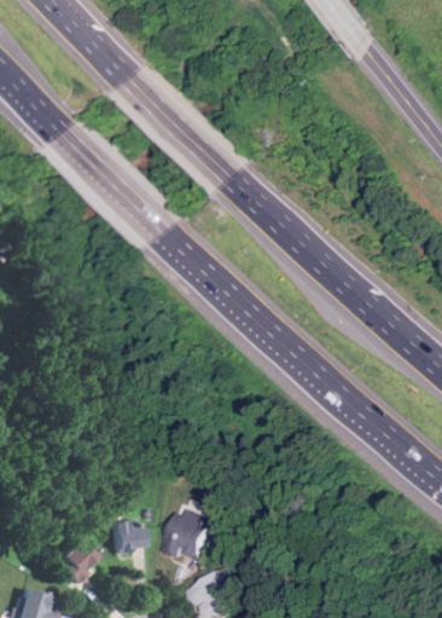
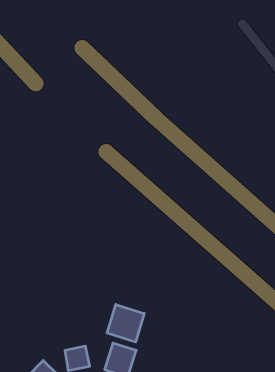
building: none -> [107,304,144,342]

